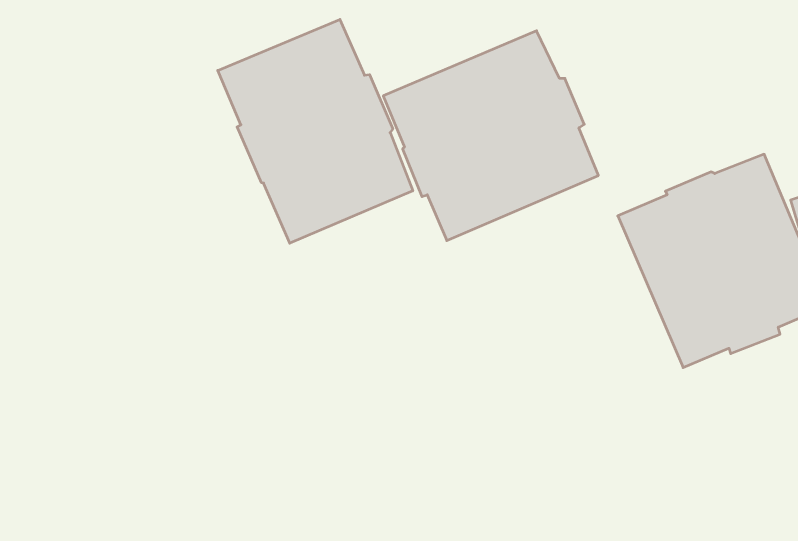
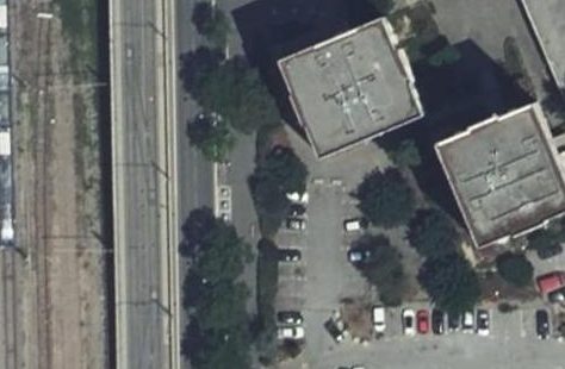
building: [218,19,413,243] -> none

